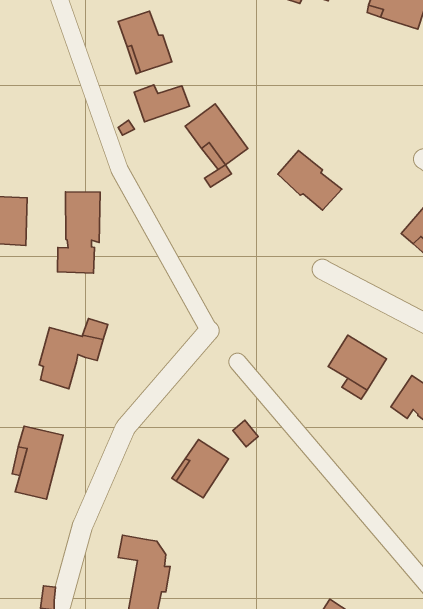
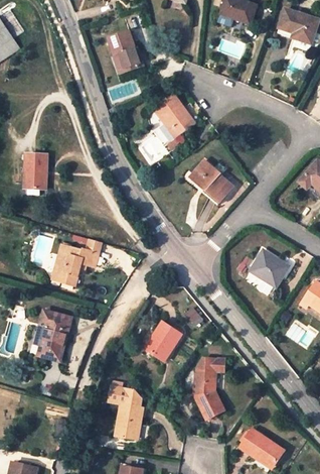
building: [134,85,190,122] -> none
building: [278,150,342,210] -> [190,159,233,200]
building: [58,192,100,273] -> none
building: none -> [193,356,224,419]

